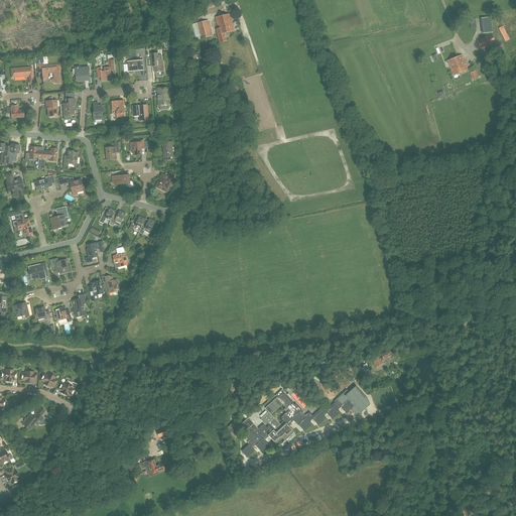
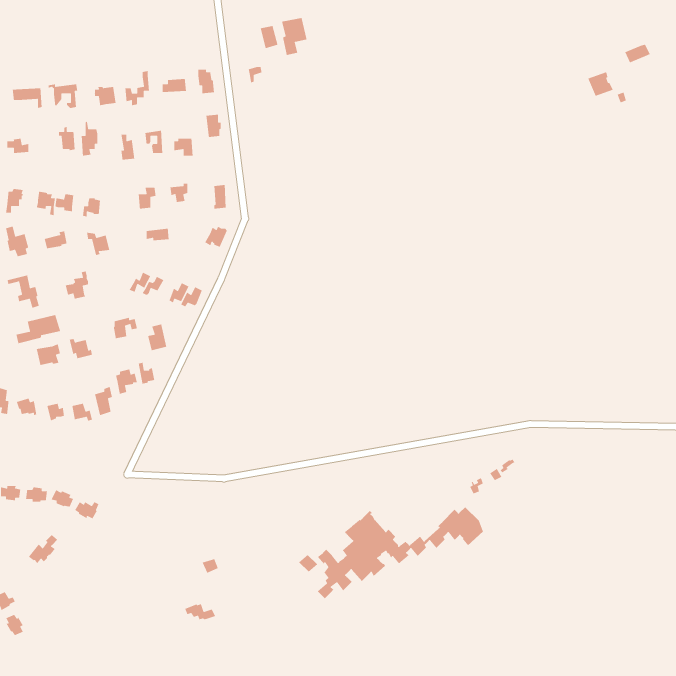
building: none -> [16,314,61,344]

